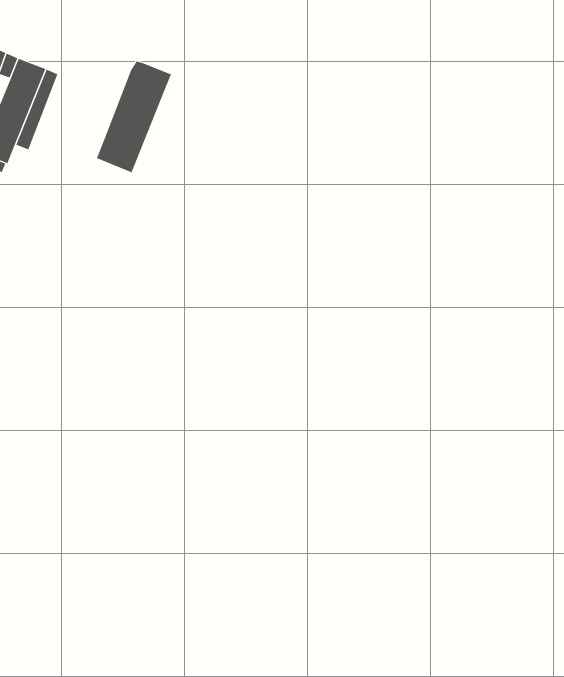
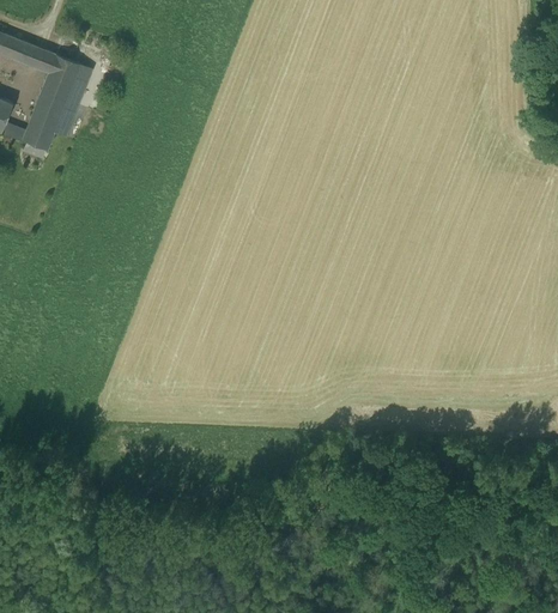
building: [96,61,172,173] -> none

